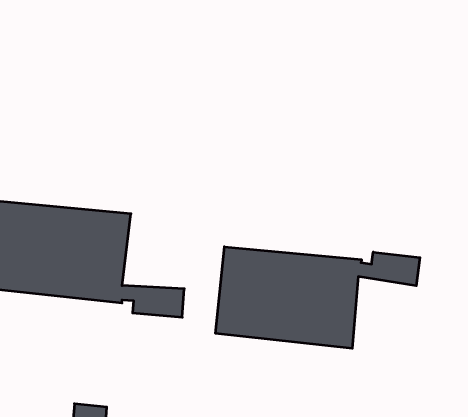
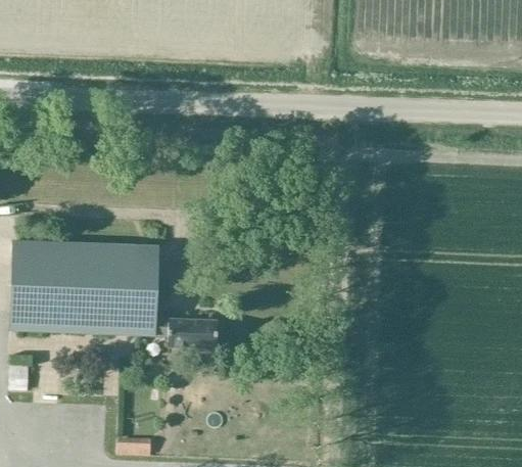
building: [216,247,420,348] -> none

